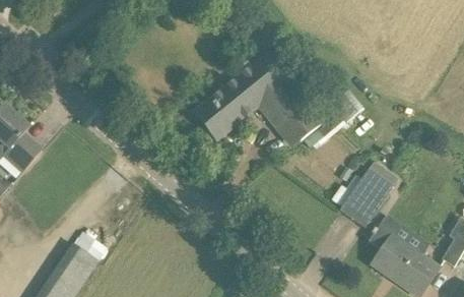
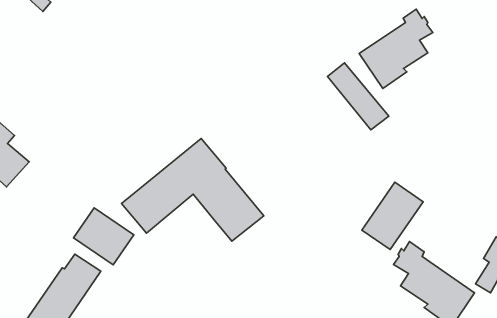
building: none -> [359,9,433,88]
building: [195,53,322,144] -> [122,138,264,241]
building: none -> [74,208,134,265]

